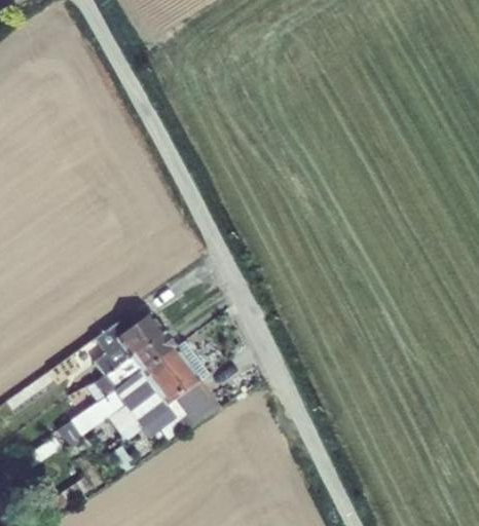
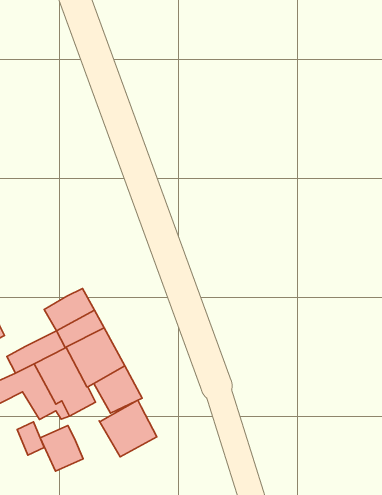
building: [94,314,135,375] -> none
building: none -> [99,400,157,457]
building: none -> [40,426,83,471]

